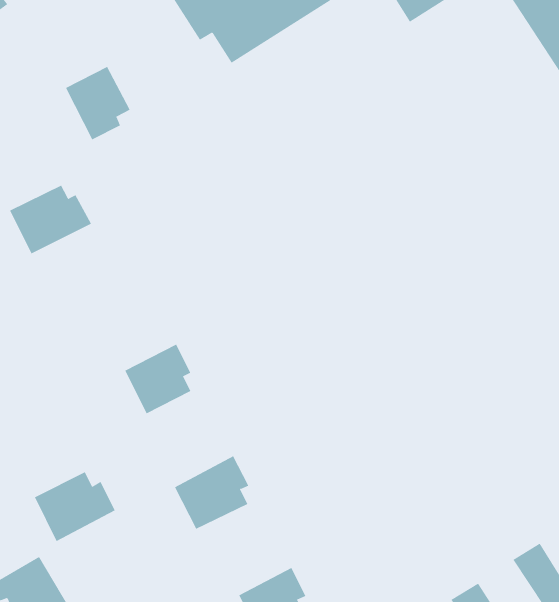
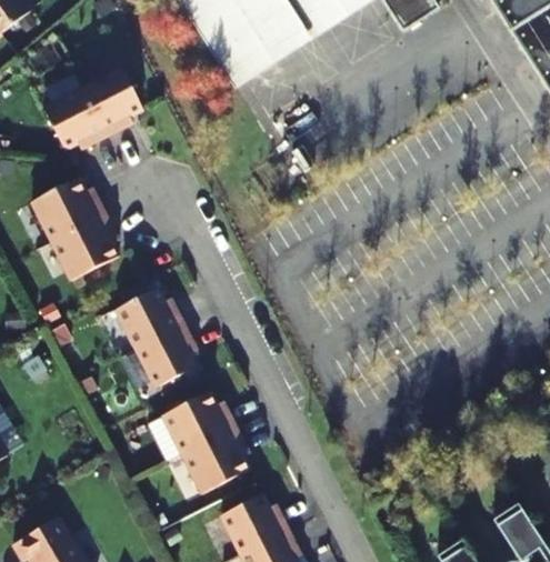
building: none -> [41,90,104,152]
building: none -> [49,214,118,282]
building: none -> [114,289,182,349]
building: [34,472,115,542] -> [160,391,234,455]
building: none -> [219,493,288,554]

